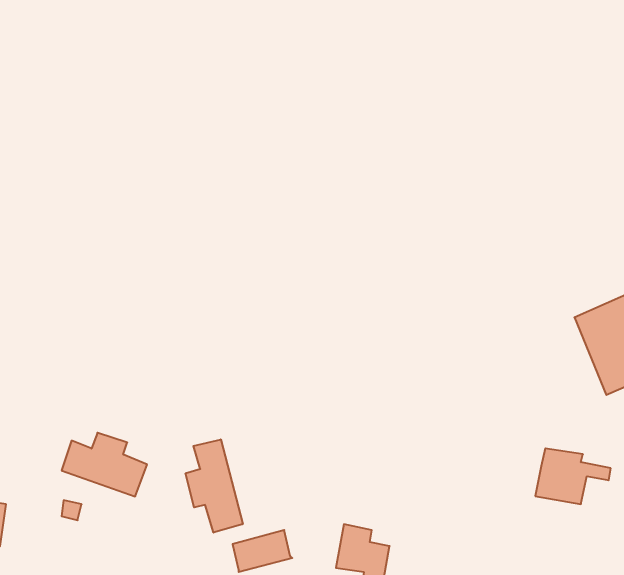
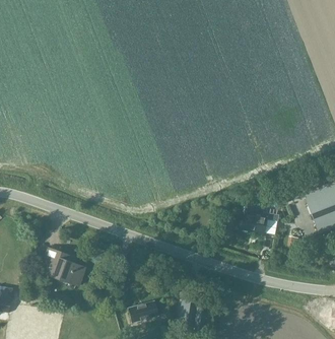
building: [186,439,243,533] -> none
building: [535,448,611,504] -> [241,206,279,234]

